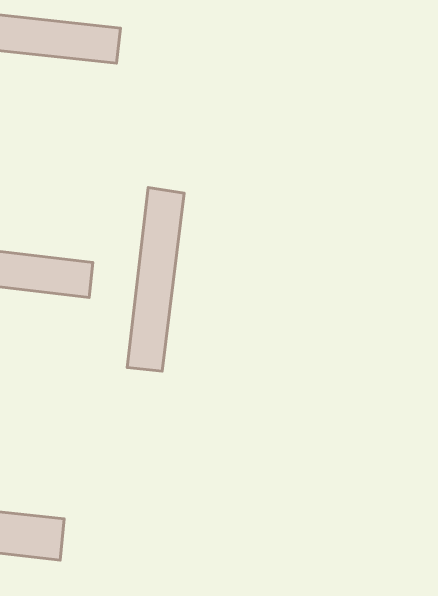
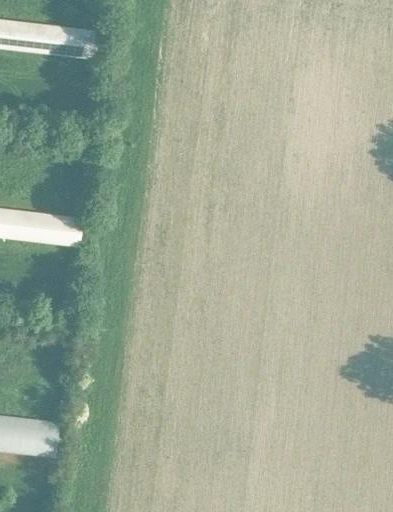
building: [127,188,184,371] -> none

